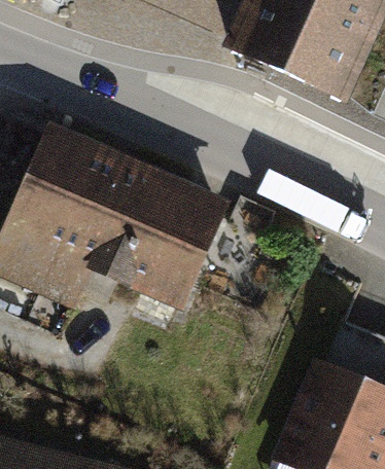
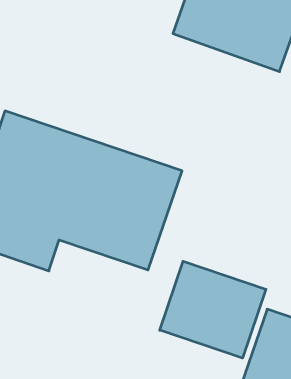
building: none -> [160,261,266,358]

